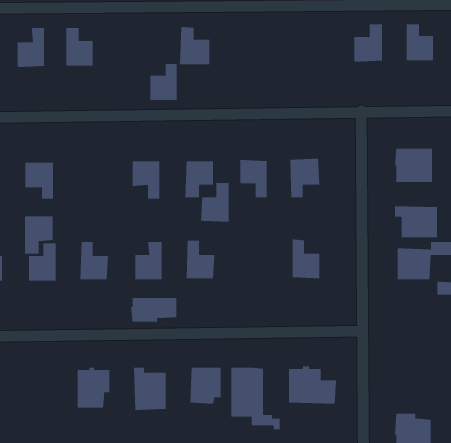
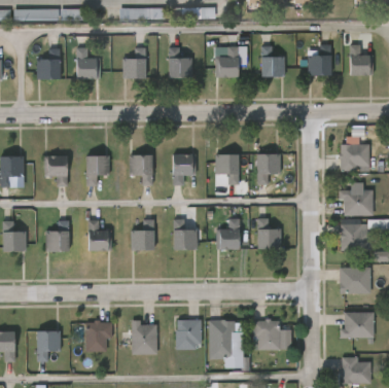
building: none -> [215,45,238,76]
building: none -> [261,45,285,75]
building: [149,63,178,101] -> [122,47,145,77]
building: [200,183,230,222] -> [216,217,240,249]
building: [24,216,53,254] -> [85,155,109,186]
building: [131,297,177,323] -> none
building: none -> [340,268,370,293]
building: none -> [341,312,374,339]
building: none -> [38,331,63,362]

